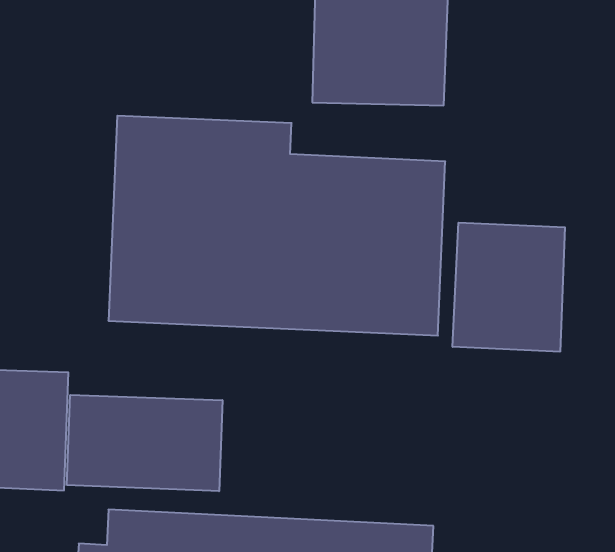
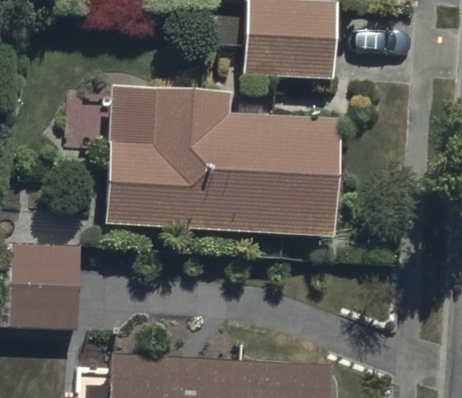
building: [453,223,565,352] -> none
building: [67,395,222,491] -> none

